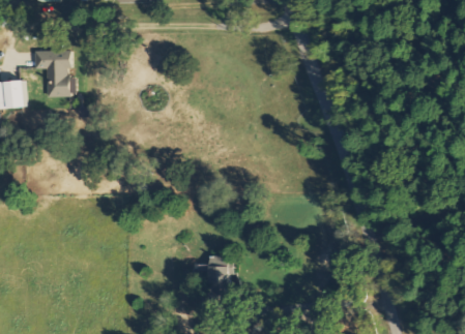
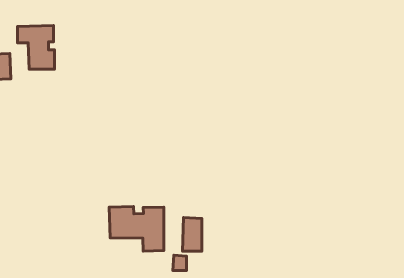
building: none -> [109,207,164,251]

